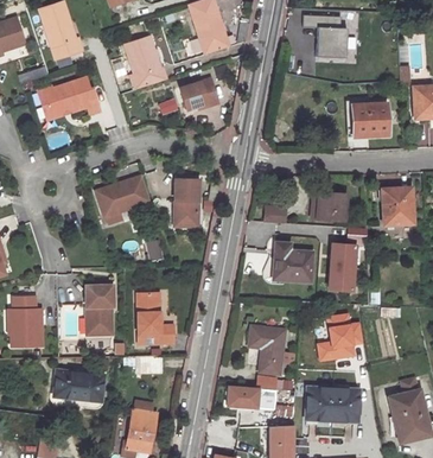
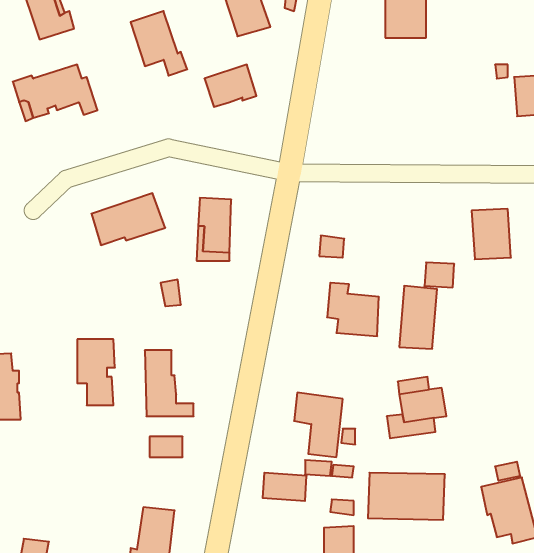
building: [355,102,390,136] -> none
building: [312,190,348,220] -> none
building: [55,369,106,400] -> none

